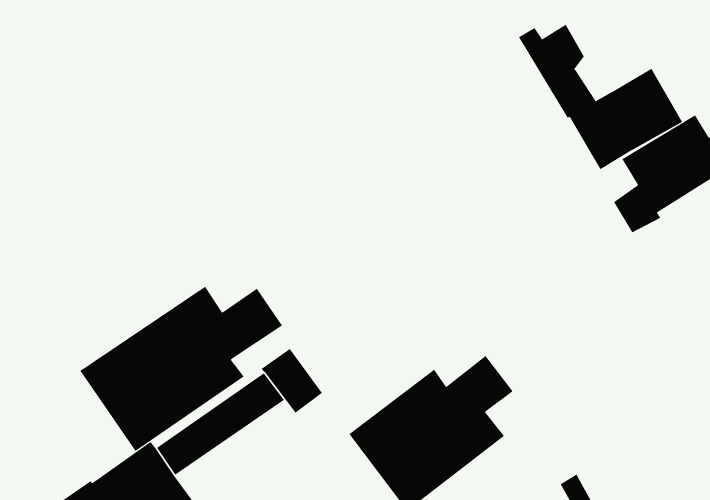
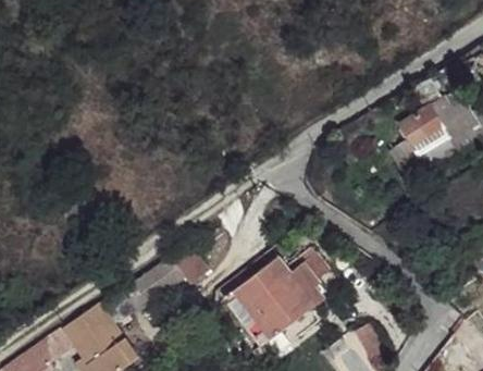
building: [518,24,683,170] -> none
building: [80,286,283,452] -> none

